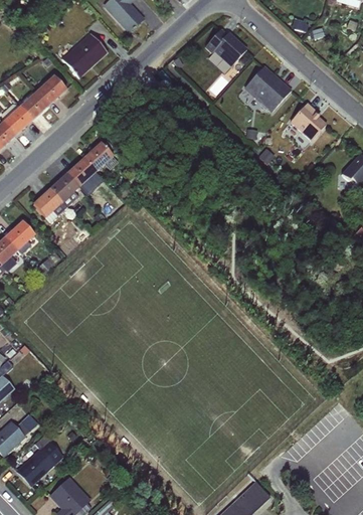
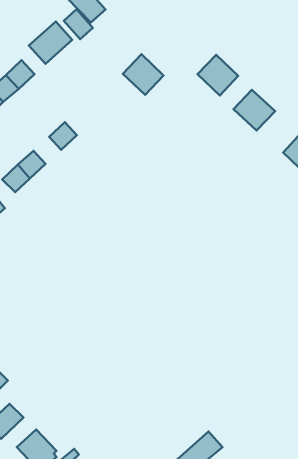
building: none -> [64,9,93,39]
building: [202,26,246,70] -> [123,54,164,95]
building: [66,157,97,186] -> none

